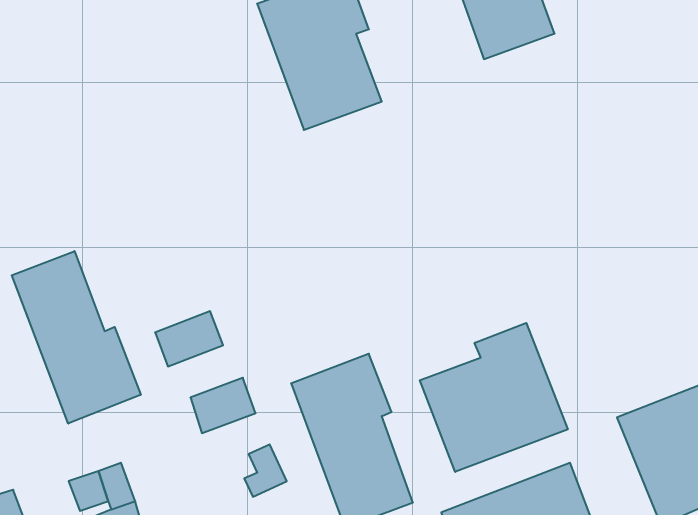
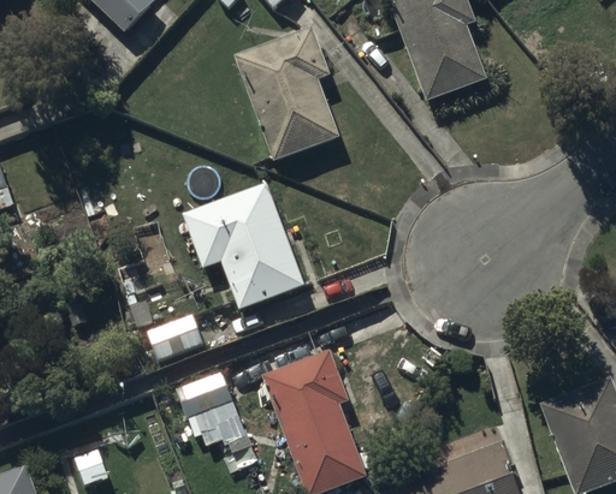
building: none -> [182,181,306,310]
building: [12,251,141,424] -> none
building: [420,323,568,472] -> none

